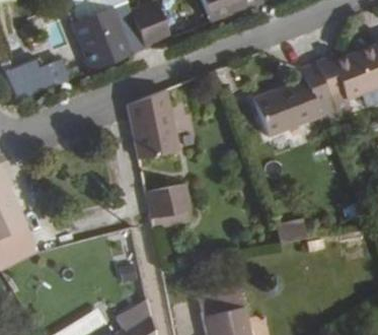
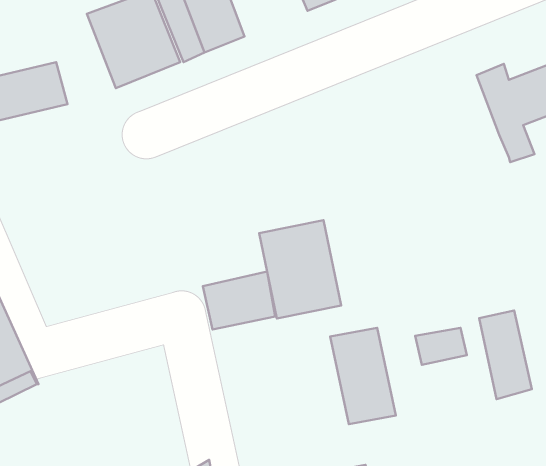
building: [254,63,337,136] -> none
building: [128,100,179,162] -> [259,220,341,318]
building: none -> [479,311,532,399]
building: none -> [330,328,396,424]

